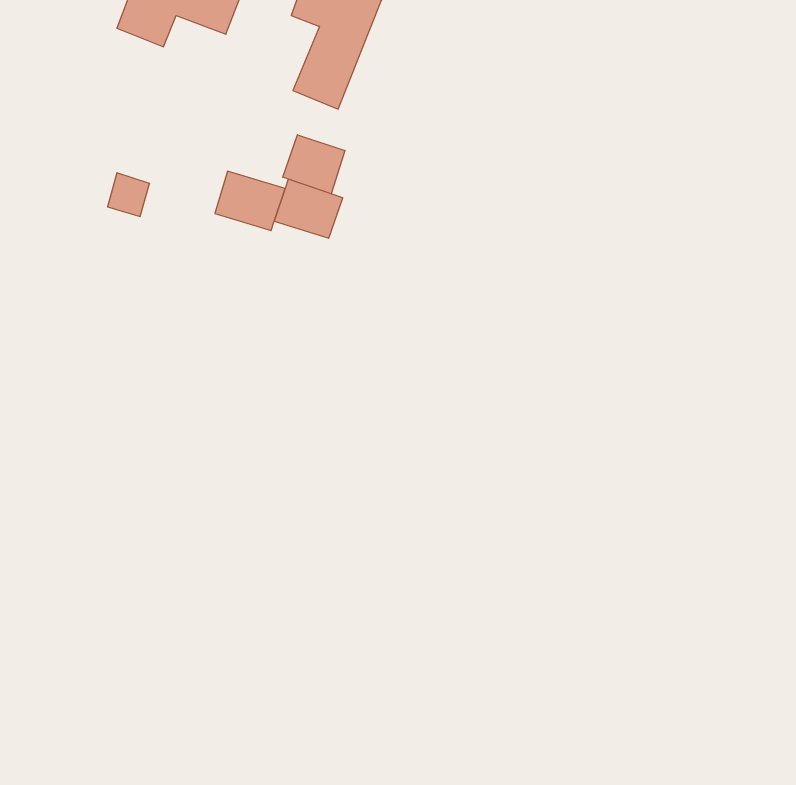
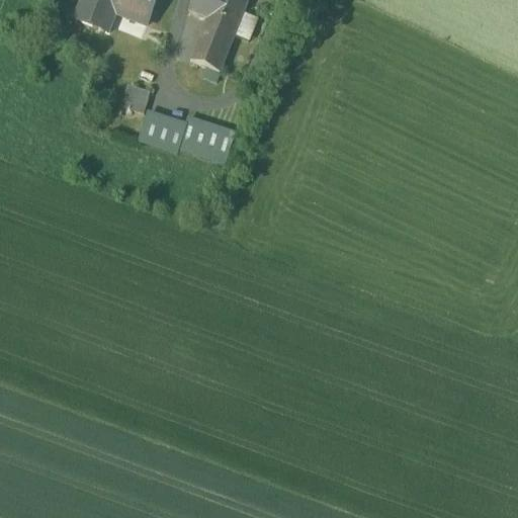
building: [283,135,345,194] -> none
building: [108,173,150,216] -> [122,83,150,111]

